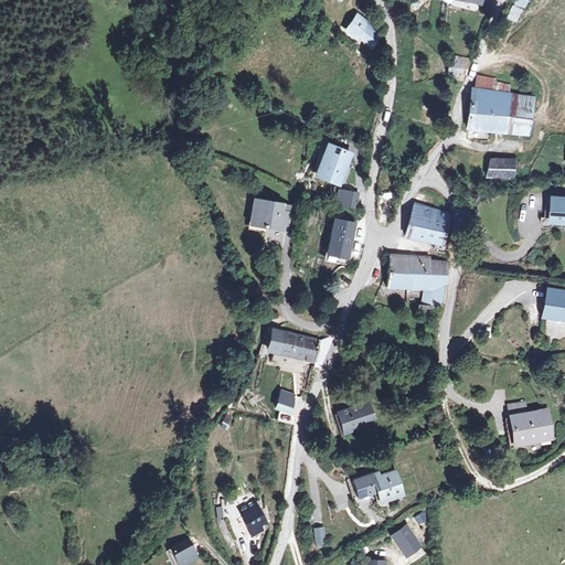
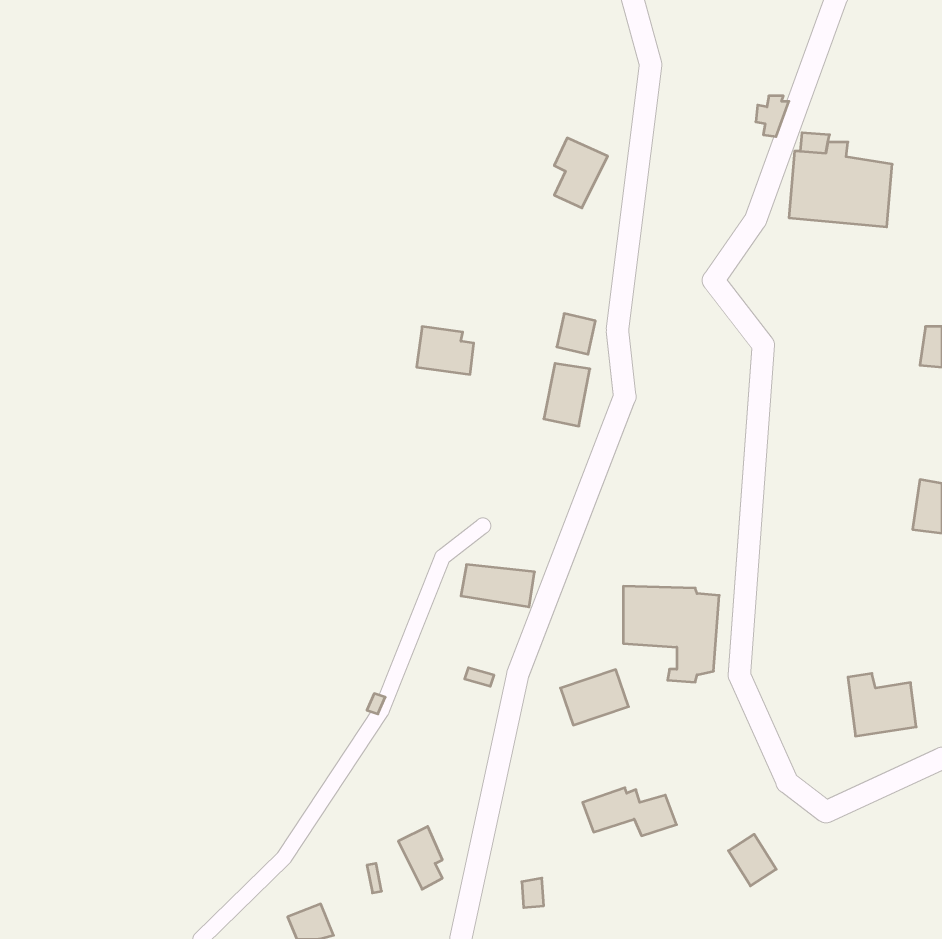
building: [340,13,375,44] -> none
building: [317,139,349,181] -> [554,138,608,208]
building: [489,159,518,180] -> none
building: [409,199,451,243] -> none
building: [391,256,448,313] -> [623,586,719,682]
building: [391,523,419,554] -> [728,834,776,886]

